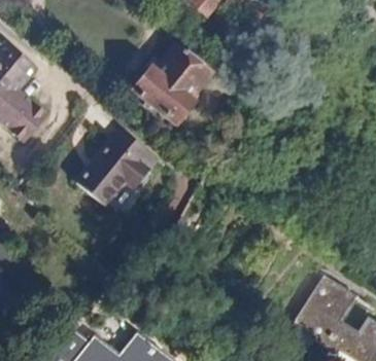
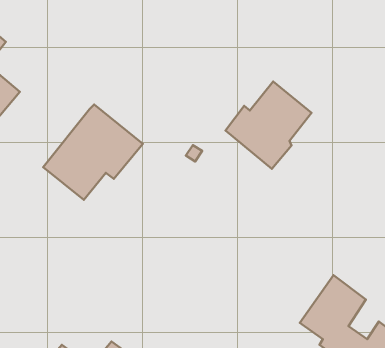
building: [134,45,210,122] -> [225,82,311,169]

